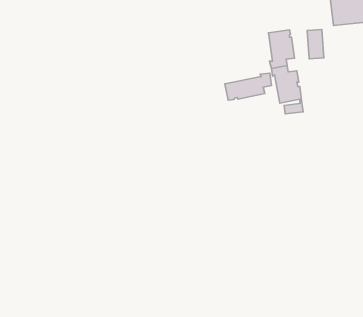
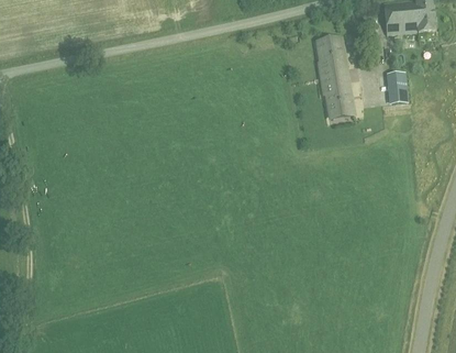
building: [307,29,324,59] -> [388,70,405,101]
building: [225,73,271,100] -> none

